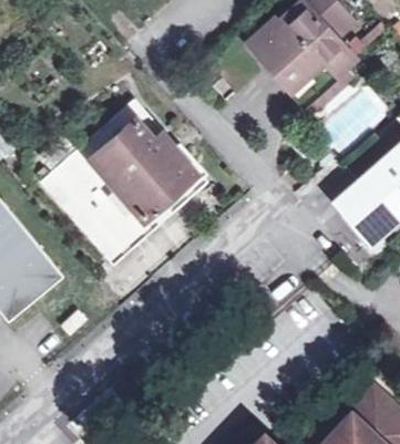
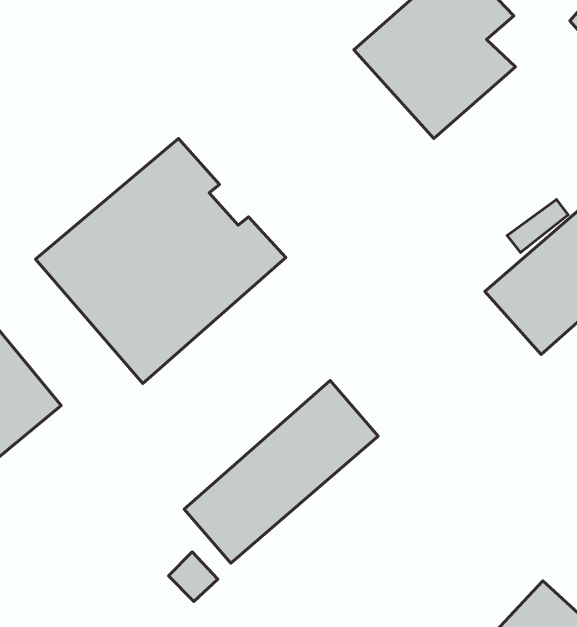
building: none -> [184,380,378,563]

